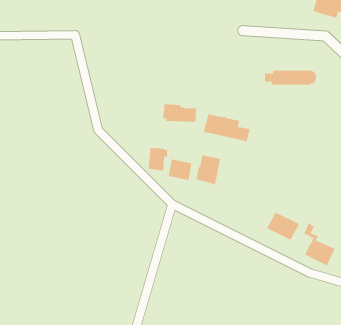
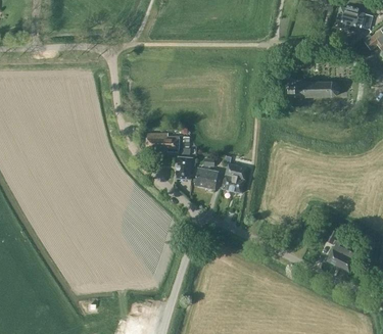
building: [162,103,197,122] -> [147,133,181,151]
building: [203,113,250,142] -> none
building: [266,211,300,241] -> none

